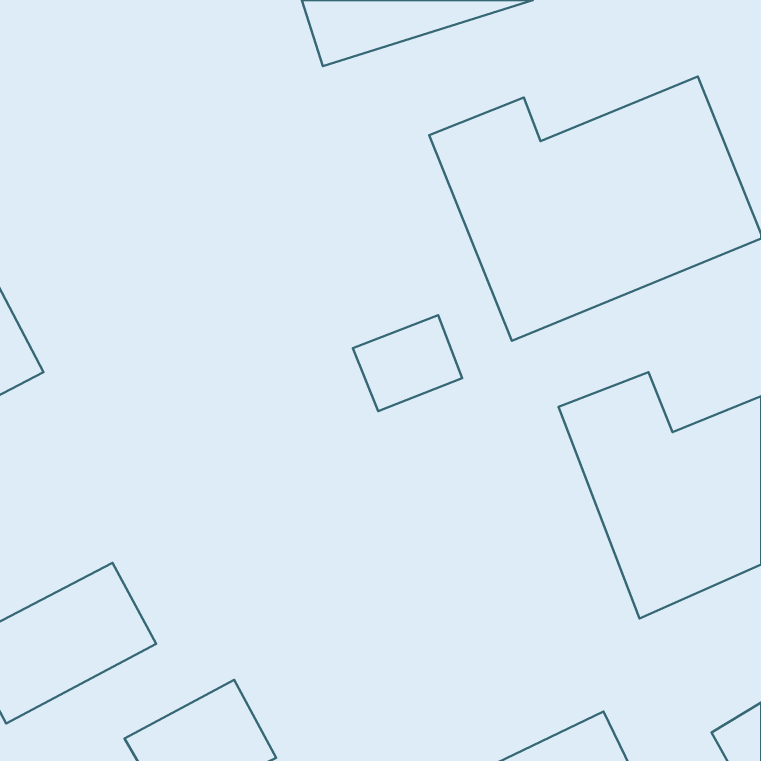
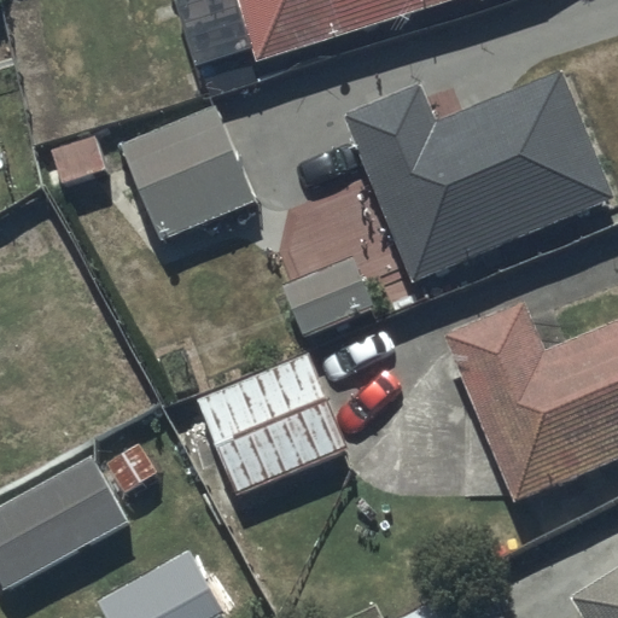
building: none -> [119,109,256,243]
building: none -> [196,355,348,494]

